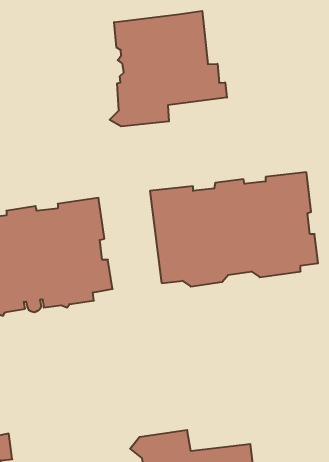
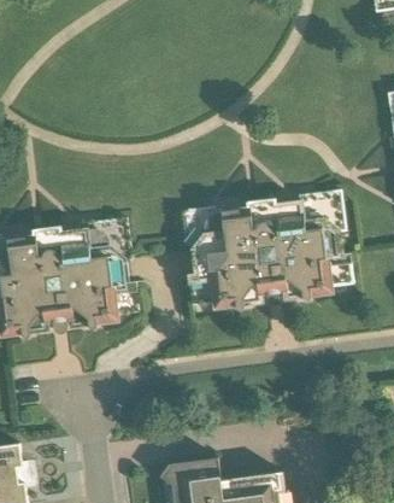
building: [110,11,227,126] -> none

